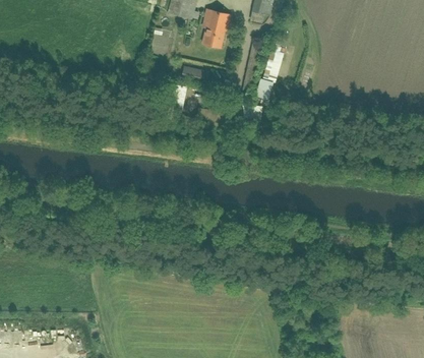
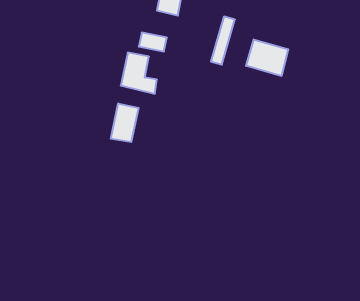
building: none -> [246,39,288,76]
building: none -> [111,103,138,142]

